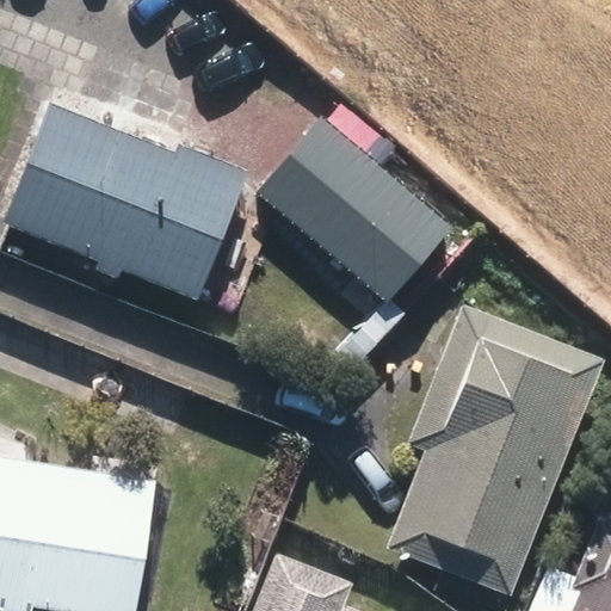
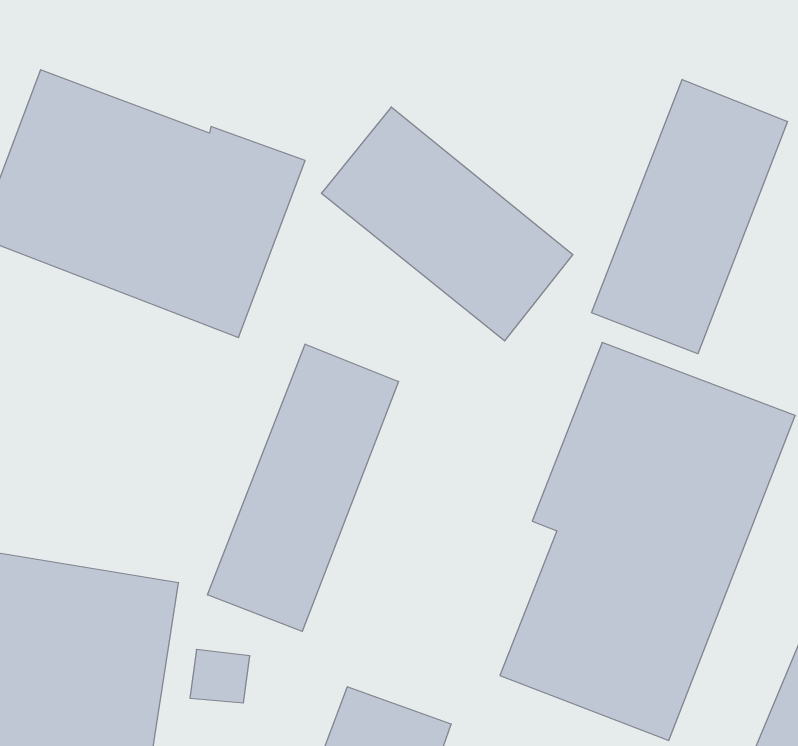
building: none -> [591,79,787,354]
building: none -> [207,344,399,631]

